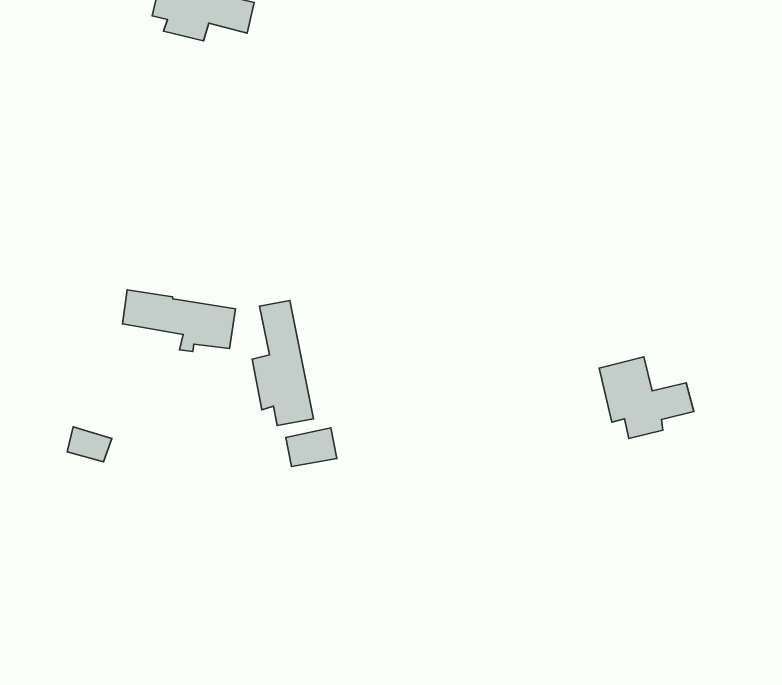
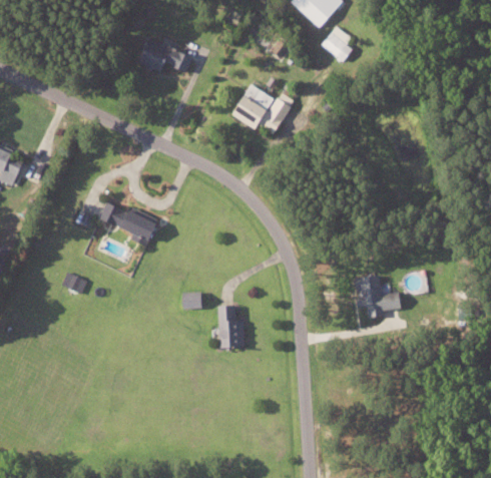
building: none -> [230,82,294,133]
building: [252,301,313,425] -> none
building: none -> [218,305,244,348]

